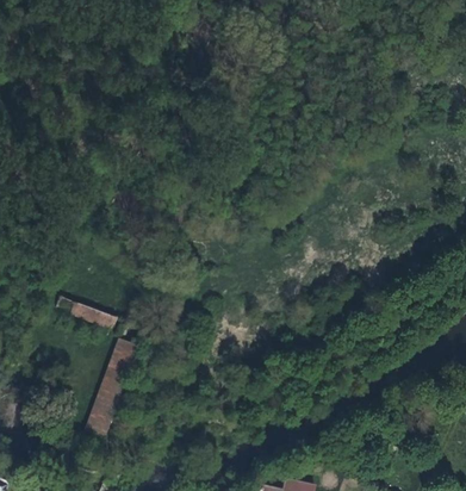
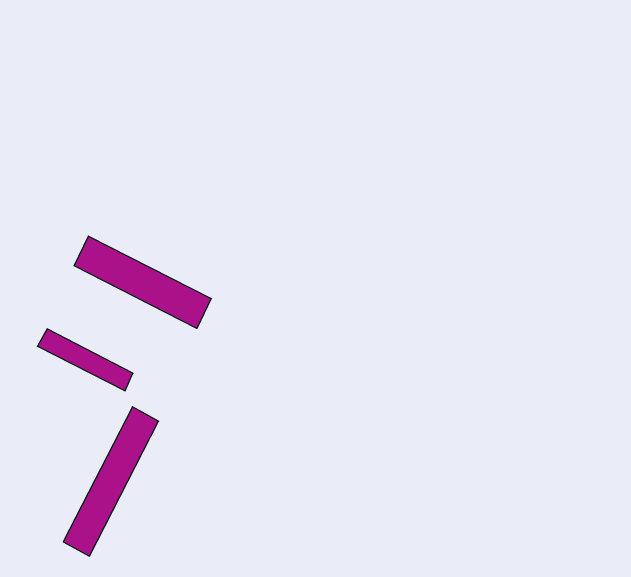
building: none -> [74,236,211,328]

